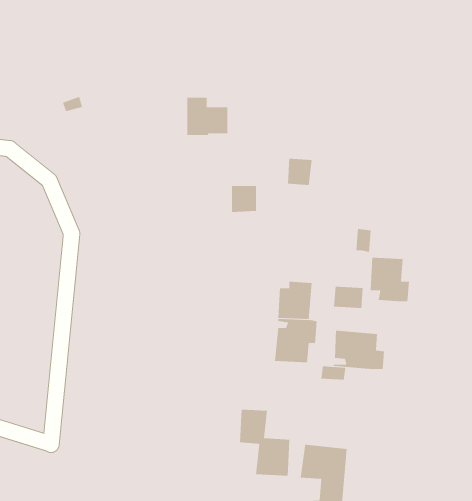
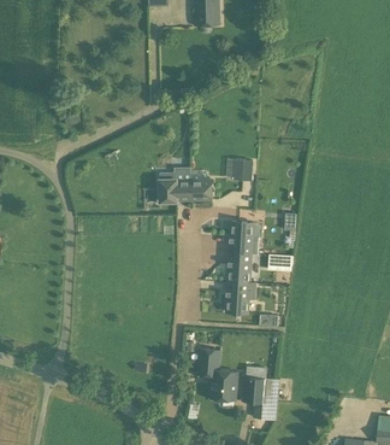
building: [187,97,228,135] -> [160,172,191,201]
building: [370,257,410,302] -> [229,219,259,253]
building: [333,330,385,370] -> none

